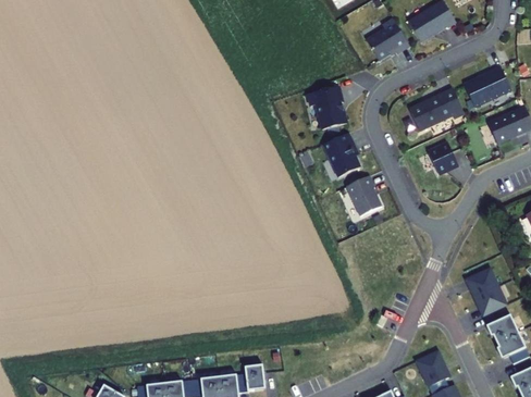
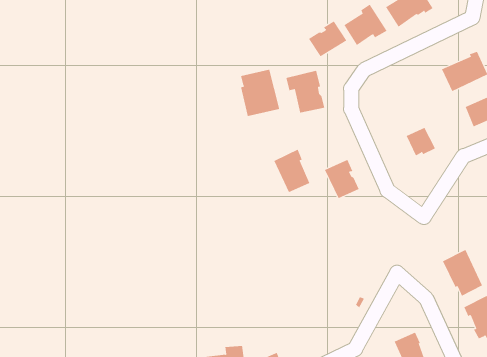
building: none -> [308,20,347,57]
building: none -> [240,69,280,117]
building: [409,87,464,129] -> none
building: [323,132,360,176] -> [274,149,310,193]

